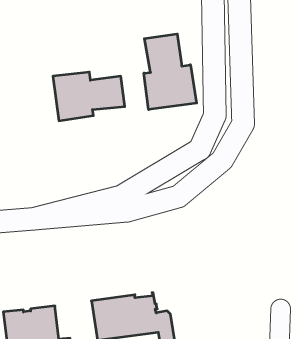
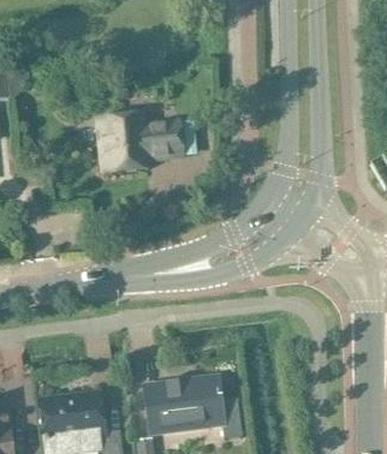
building: [144,34,197,110] -> none

